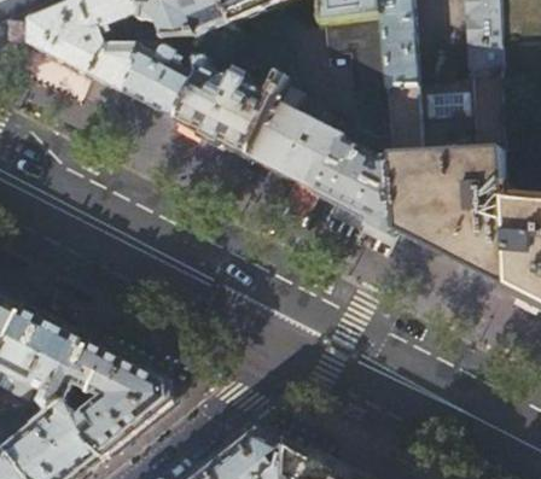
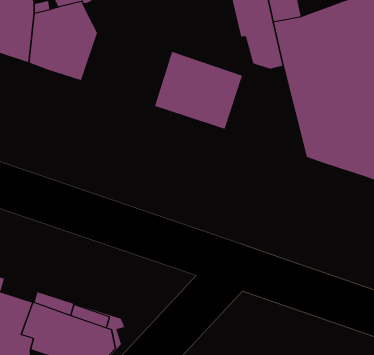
building: [176,59,285,156] -> none
building: [318,127,397,232] -> none

